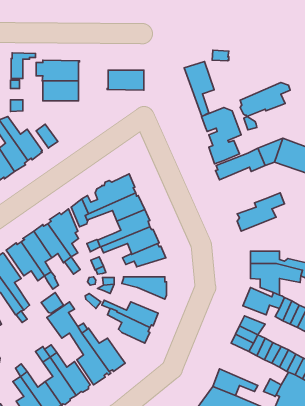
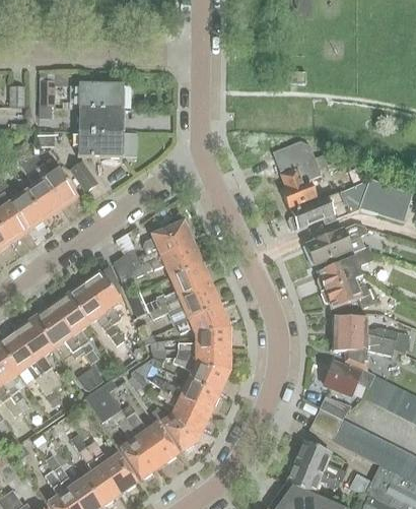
building: [184,61,214,116] -> none
building: [107,70,144,90] -> [78,133,123,157]
building: [240,83,290,117] -> [306,224,367,265]
building: none -> [322,278,379,309]
building: none -> [178,325,230,348]
building: none -> [172,357,228,393]
building: none -> [153,408,204,452]
building: none -> [295,441,347,482]

